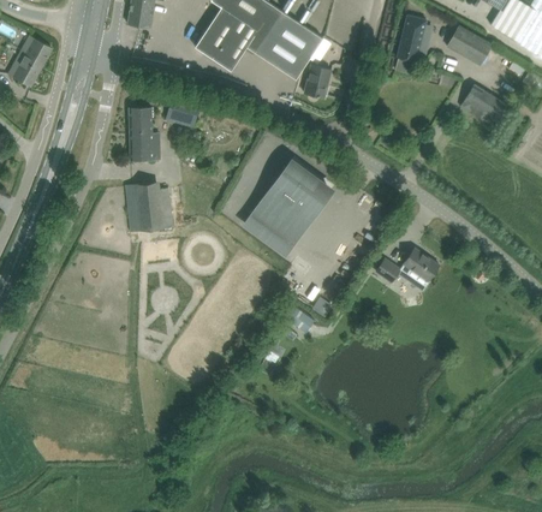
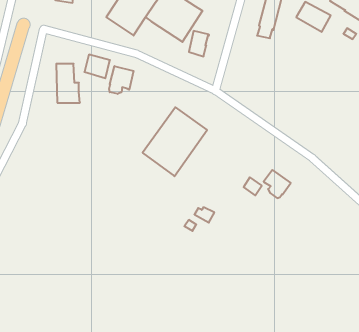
building: [459,83,506,126] -> none
building: none -> [109,66,134,94]
building: [125,181,174,231] -> none

